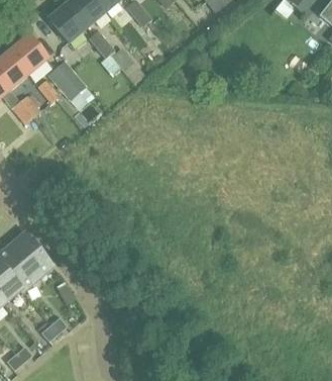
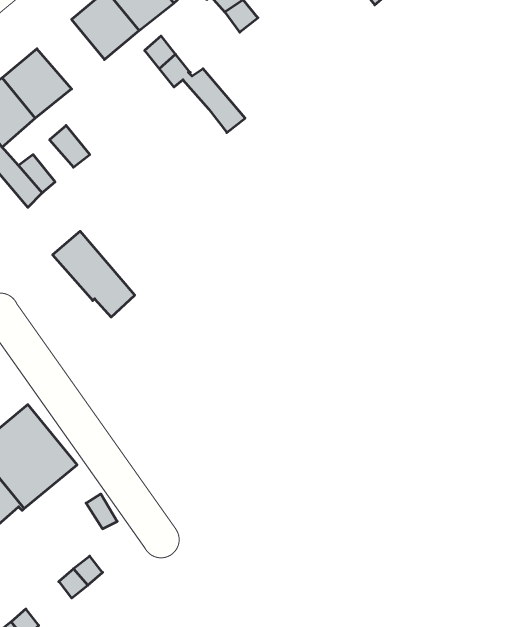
building: [47,61,93,108] -> [53,231,135,317]

